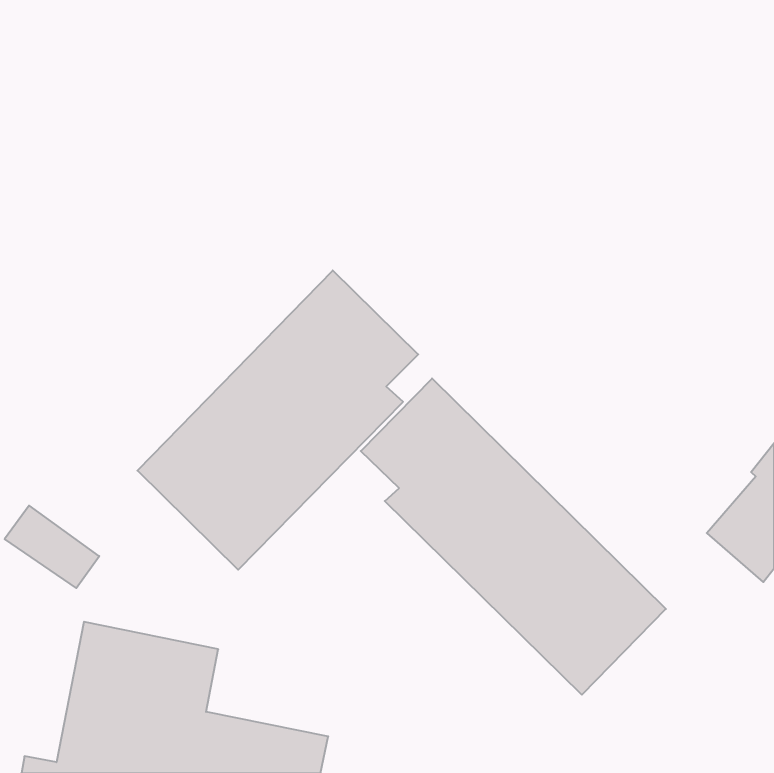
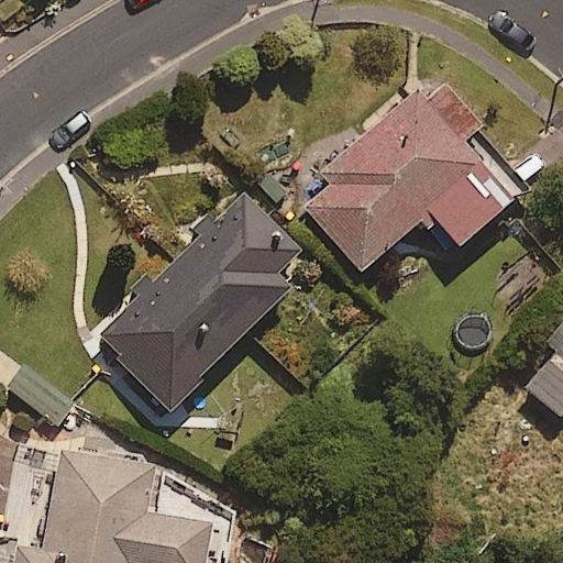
building: none -> [299,85,528,273]
building: [361,378,666,695] -> none

